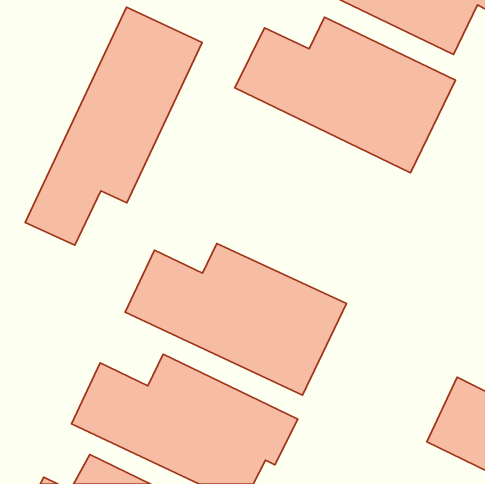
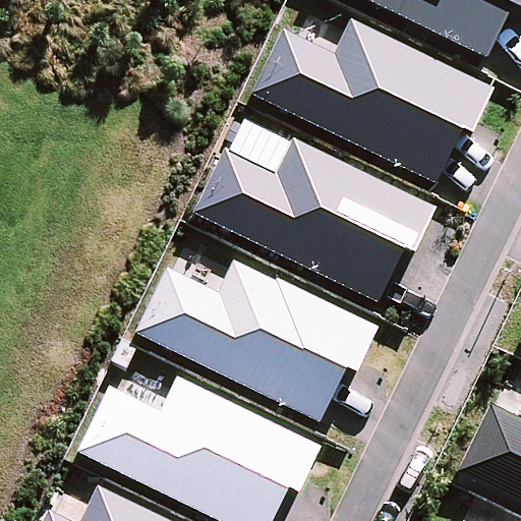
building: [25,7,202,245] -> none
building: none -> [194,135,436,300]

